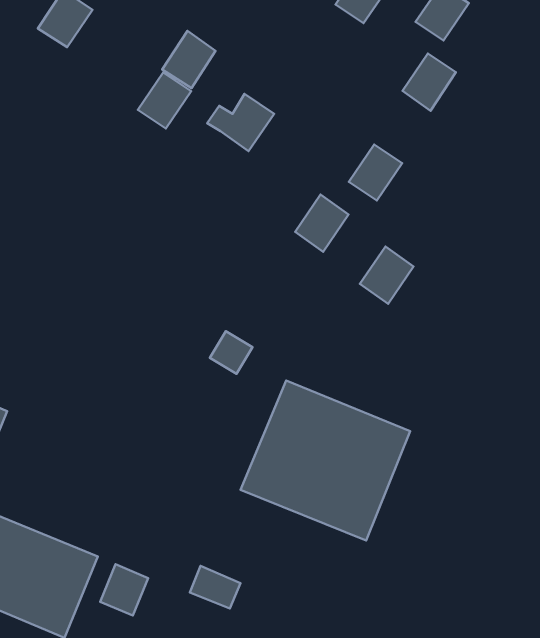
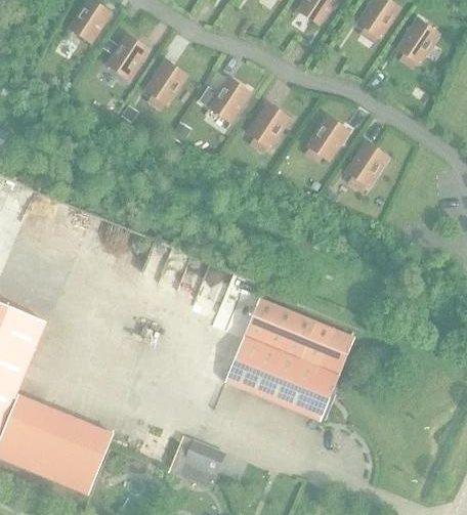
building: [162,31,215,88] -> [105,34,146,78]
building: [402,54,456,111] -> [396,18,437,62]
building: [295,194,348,252] -> [247,102,288,146]
building: [360,246,413,304] -> [345,141,386,185]
building: [100,564,148,615] -> none

